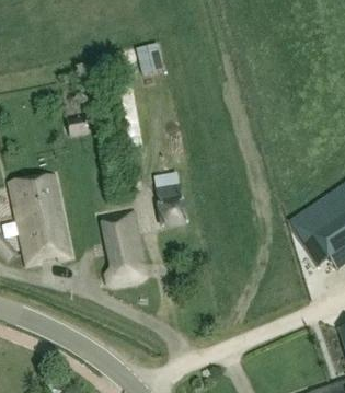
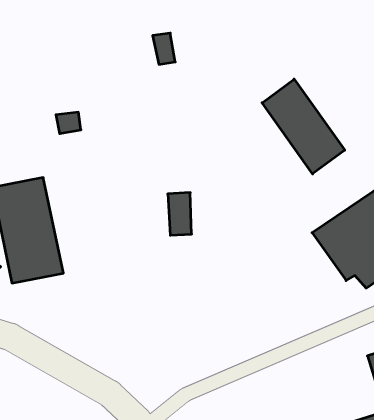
building: none -> [262,79,345,174]
building: [101,210,147,287] -> none

